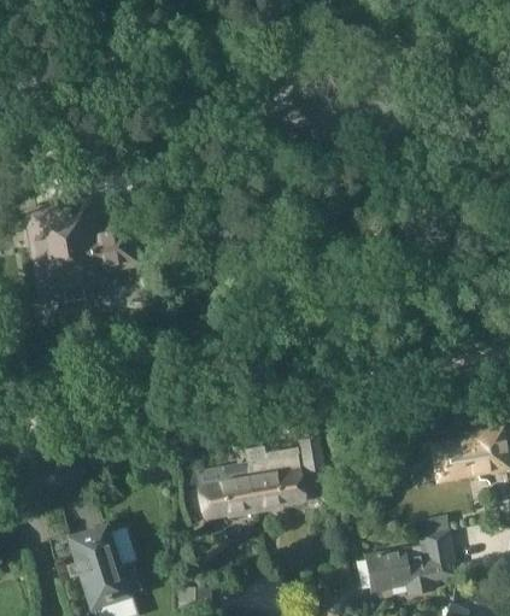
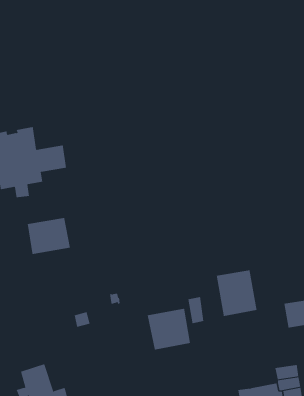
building: none -> [27,217,70,255]
building: none -> [216,270,257,317]
building: [180,460,254,523] -> none

